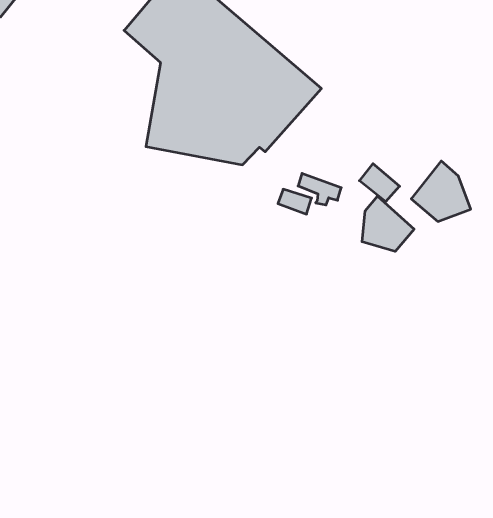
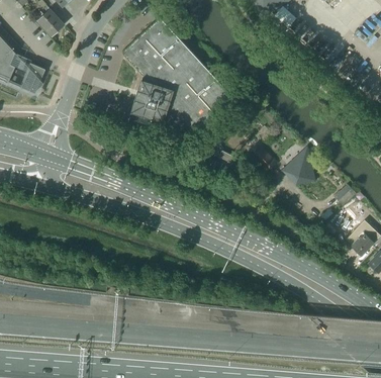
building: [362,196,414,251] -> none

